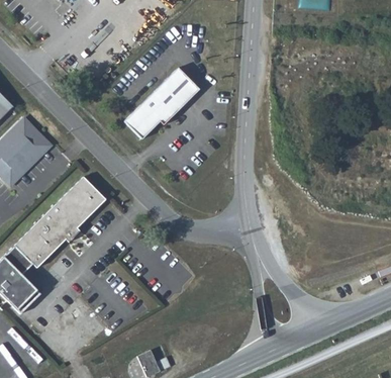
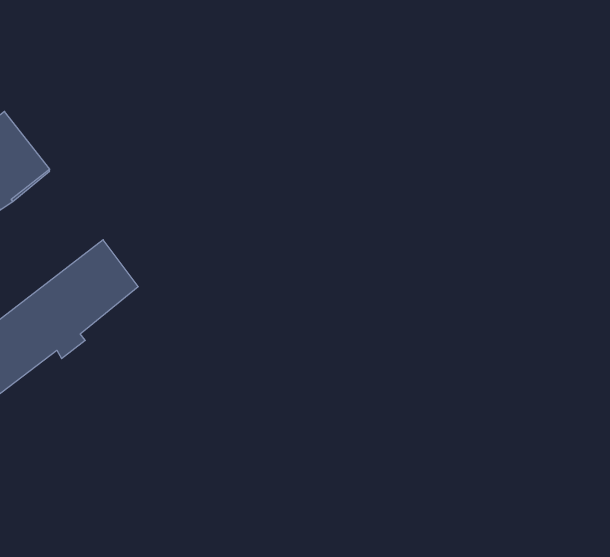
building: [124,69,199,139] -> none

